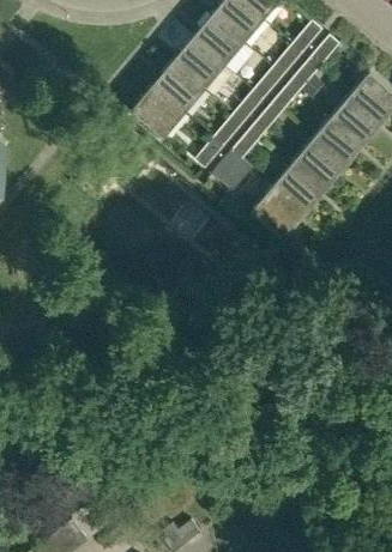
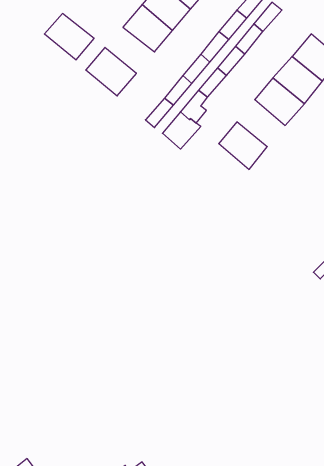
building: [152,63,205,113] -> [44,14,94,60]
building: [293,140,344,190] -> none
building: [253,187,306,238] -> none

